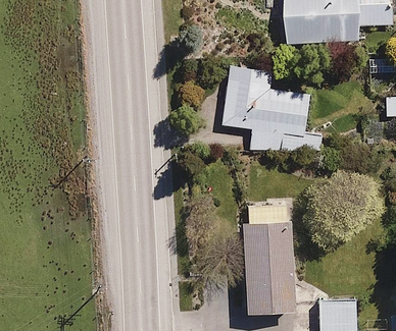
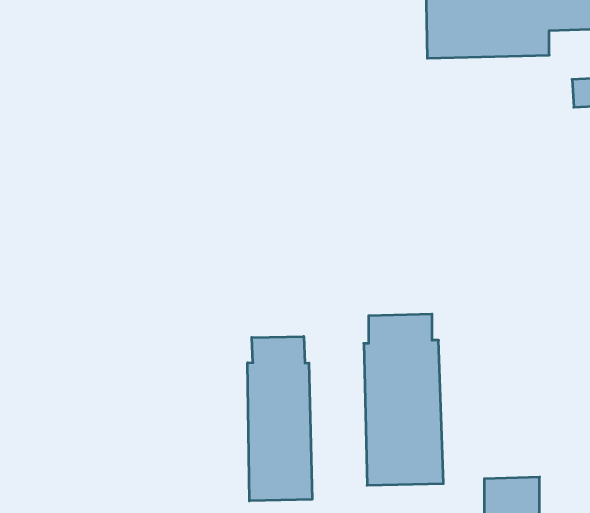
building: [226,66,321,153] -> none
building: none -> [248,336,312,501]

